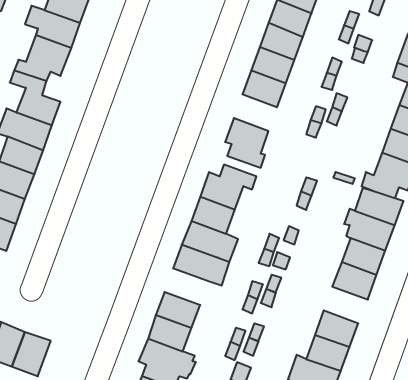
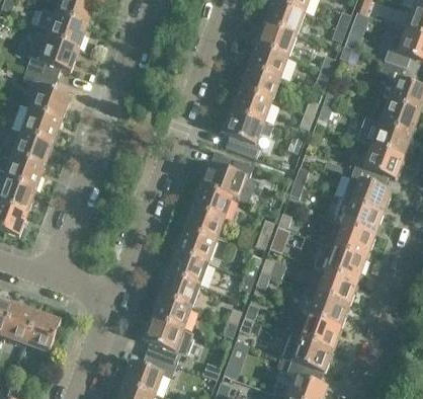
building: none -> [231,89,271,124]
building: none -> [166,252,207,287]
building: none -> [315,269,356,304]

